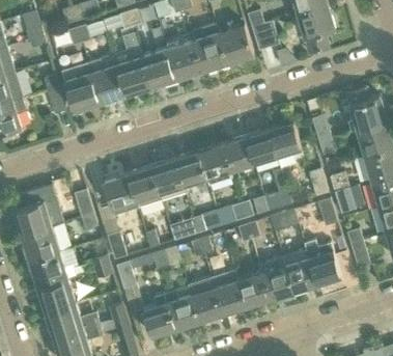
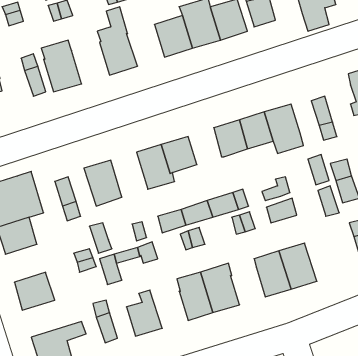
building: [141,48,176,86] -> none
building: [87,54,125,103] -> none
building: [198,143,233,185] -> none
building: [127,166,161,208] -> none
building: [304,240,341,285] -> none
building: [29,251,66,286] -> none
building: [237,273,270,307] -> none
building: [163,290,198,329] -> none
building: [45,303,100,337] -> none

